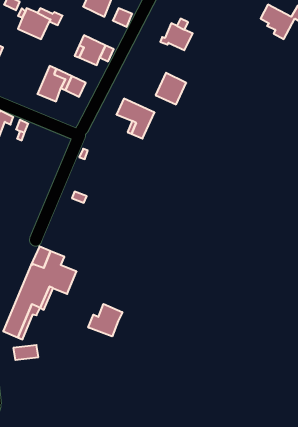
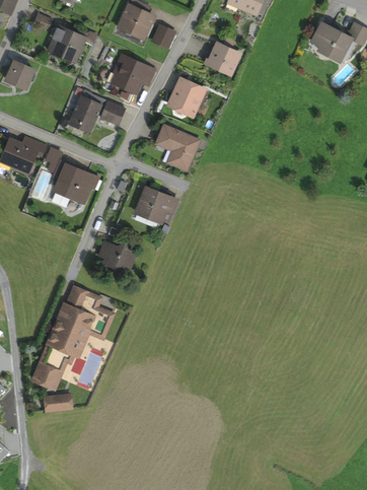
building: [156,73,186,104] -> [169,78,203,113]
building: none -> [52,161,93,204]
building: none -> [138,188,176,221]
building: none -> [99,240,135,266]
building: [88,304,122,336] -> none

